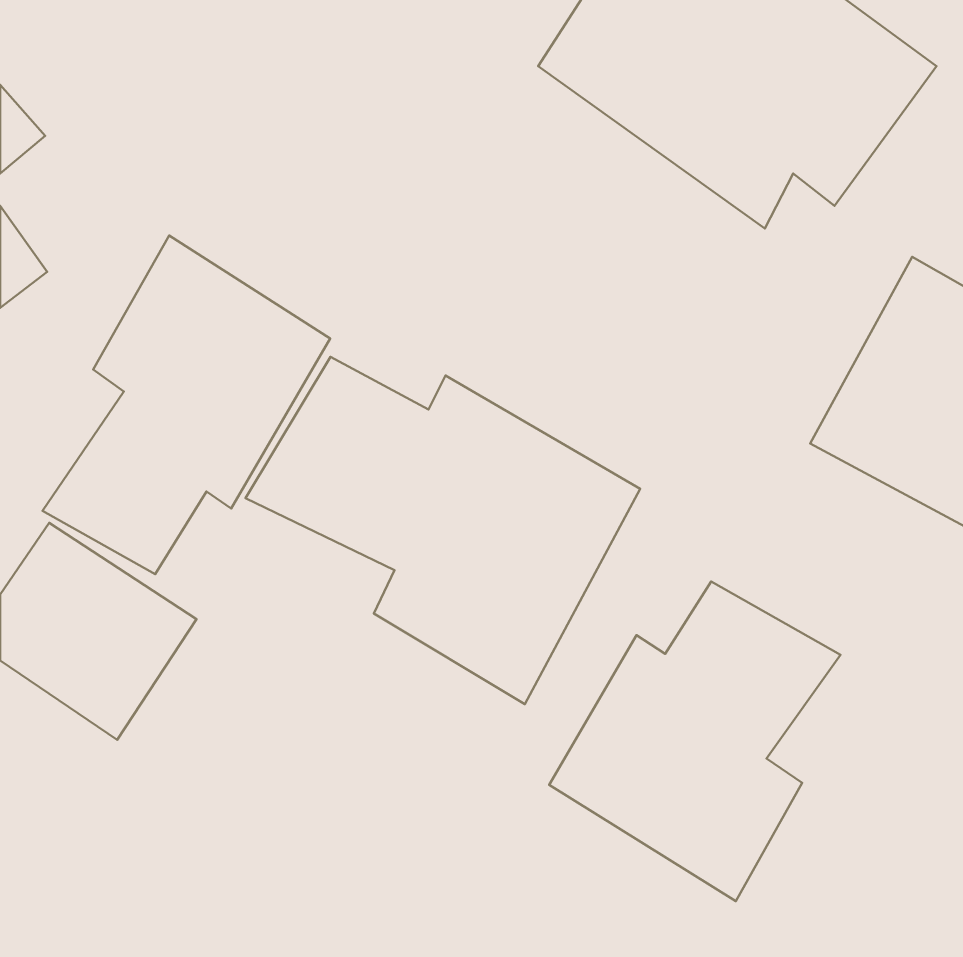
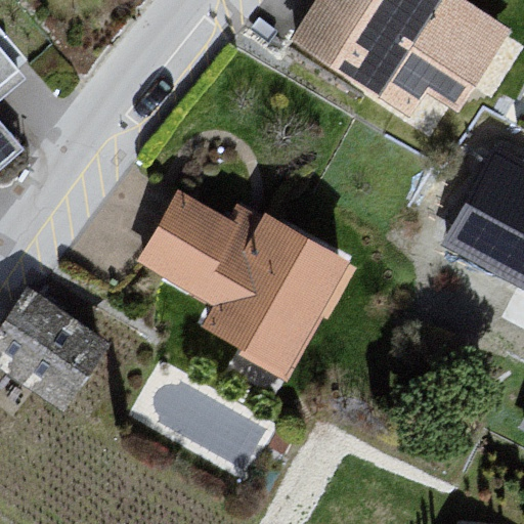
building: [42,236,330,574] -> none
building: [549,581,841,901] -> none

